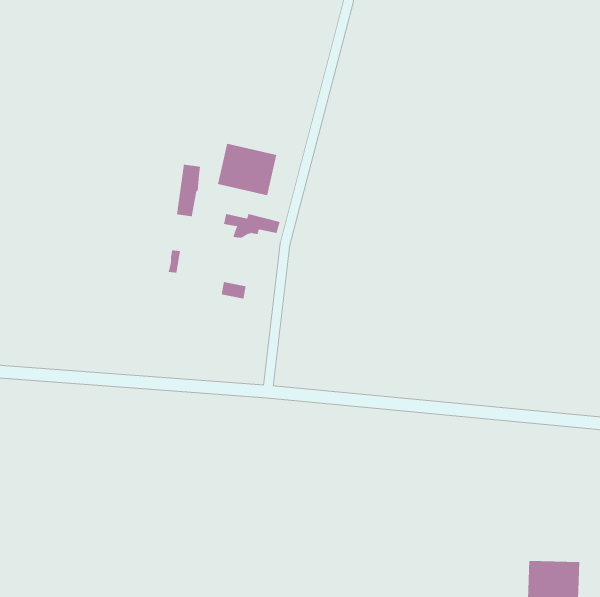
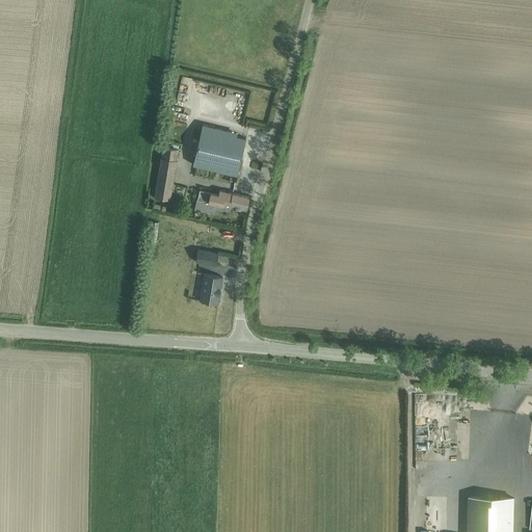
building: none -> [201,275,222,305]

